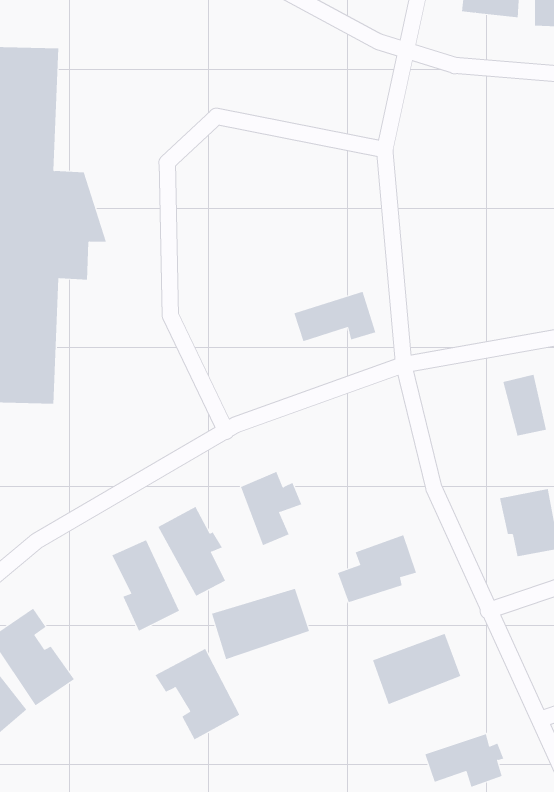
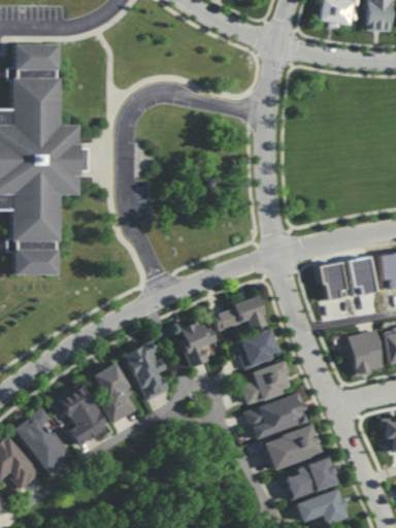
building: [293,291,376,342] -> [212,297,266,330]
building: none -> [320,262,344,300]
building: none -> [237,329,278,365]
building: [211,588,310,660] -> [243,393,307,439]
building: [154,648,240,740] -> [51,385,106,444]
building: none -> [282,456,336,499]

